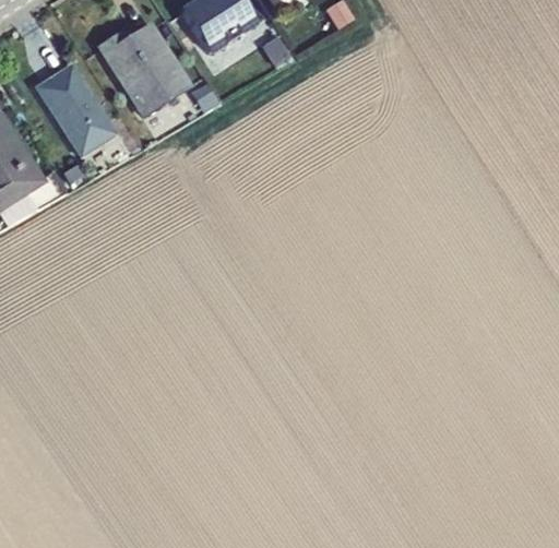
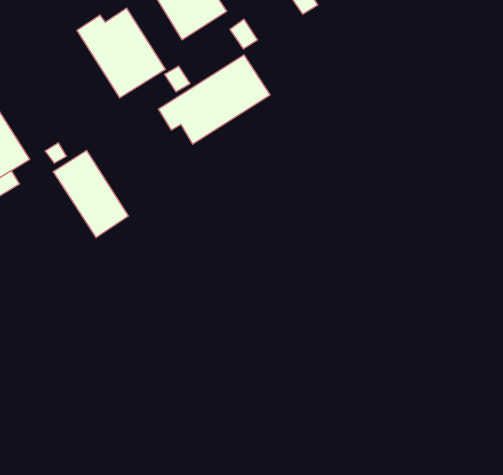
building: [35,63,116,156] -> [53,150,129,237]
building: none -> [159,55,270,144]

